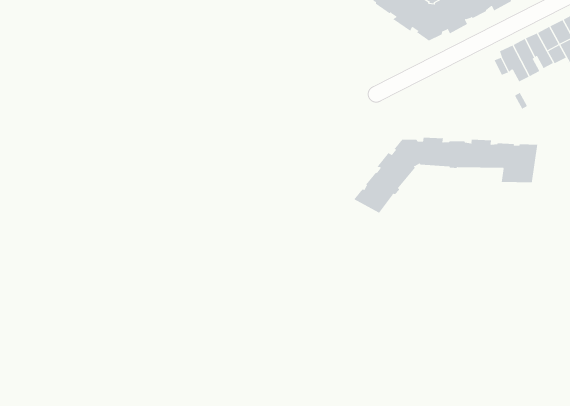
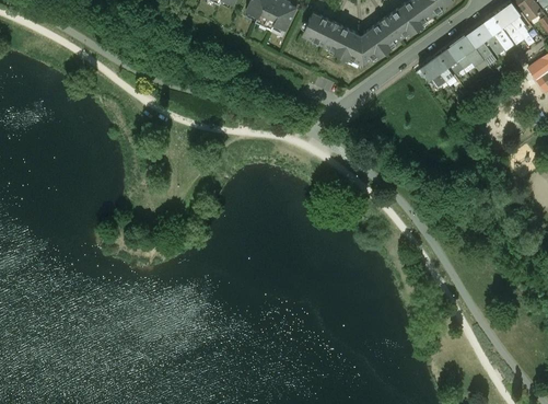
building: [354,137,538,213] -> none

